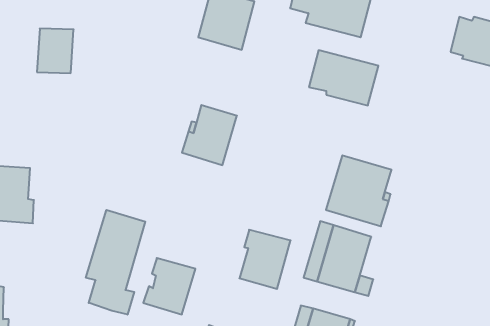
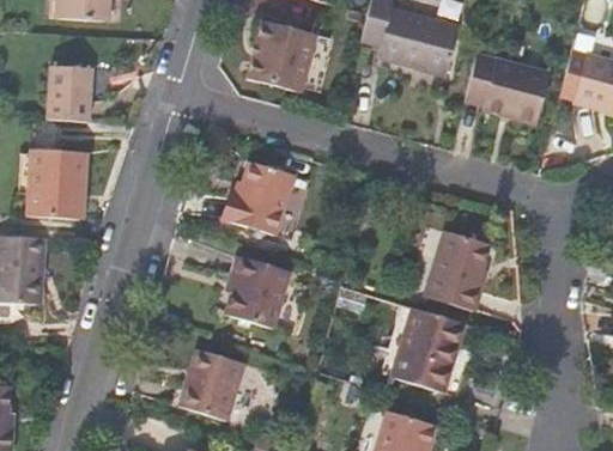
building: [309,50,378,105] -> [465,56,551,124]
building: none -> [28,148,86,220]
building: [86,210,145,315] -> none
building: [239,230,291,289] -> [226,256,290,329]

